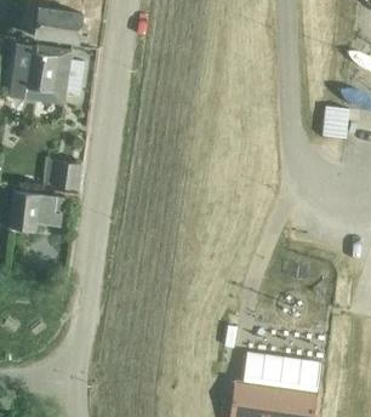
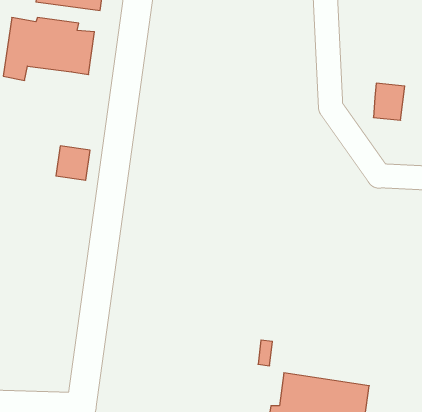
building: [10,192,64,232] -> none

